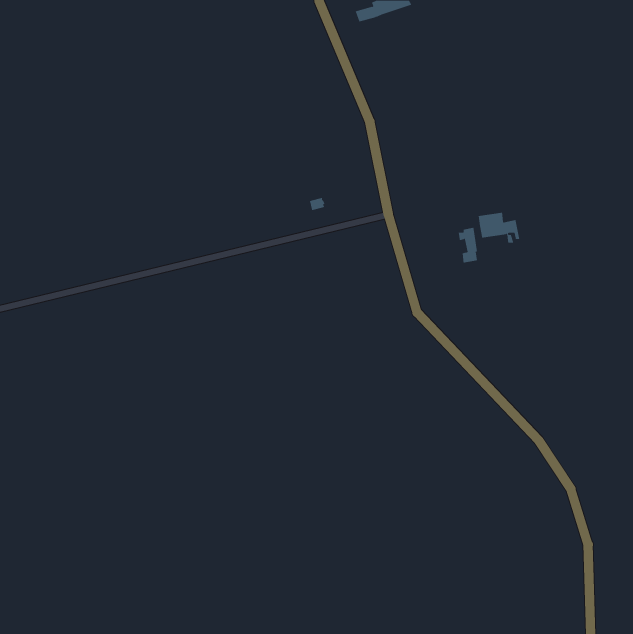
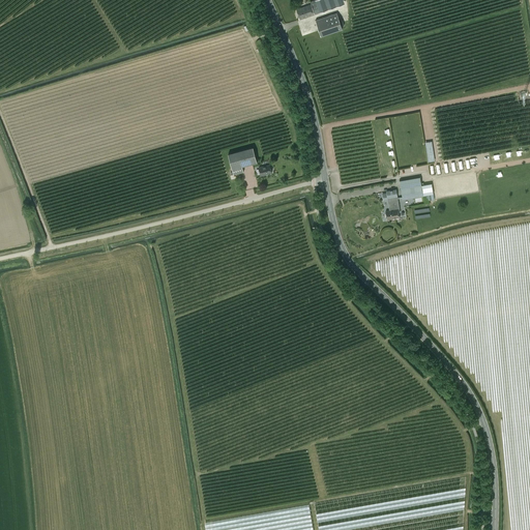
building: none -> [315,12,342,36]
building: none -> [227,147,256,175]

